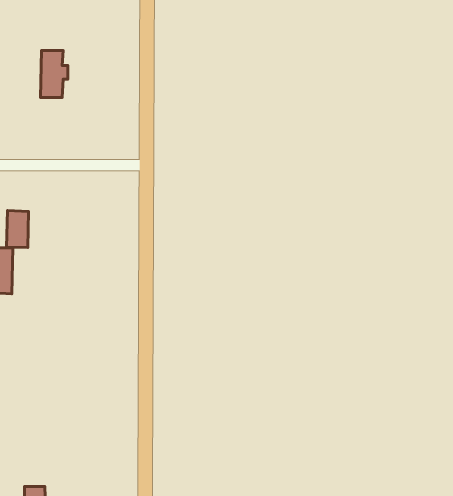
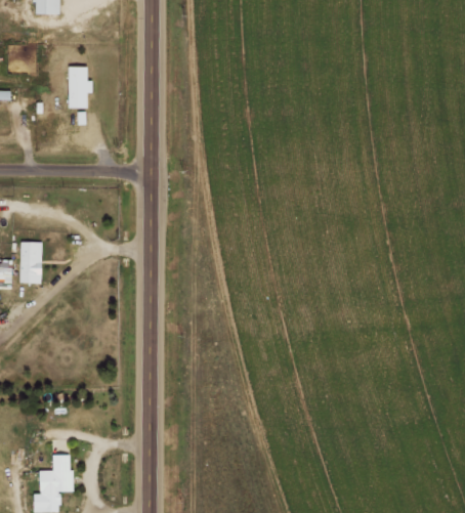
building: [7,210,29,247] -> none

